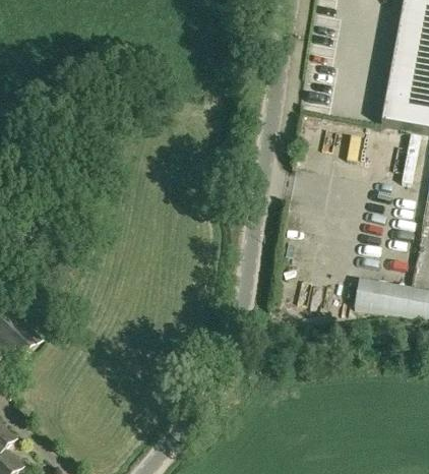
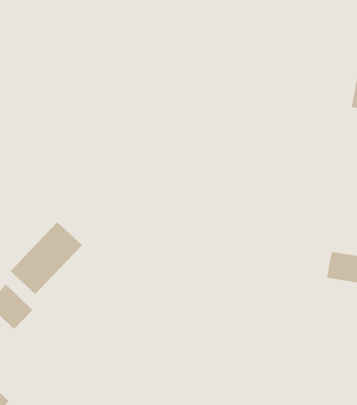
building: none -> [10,221,83,295]

